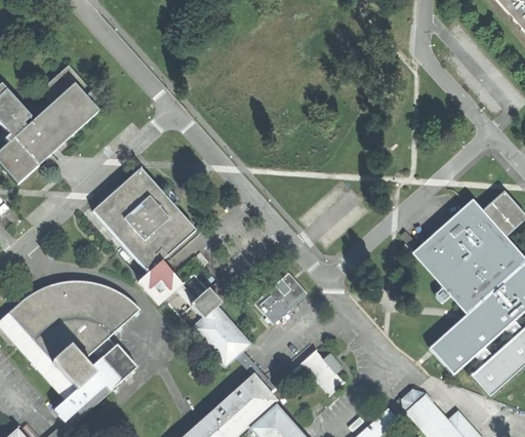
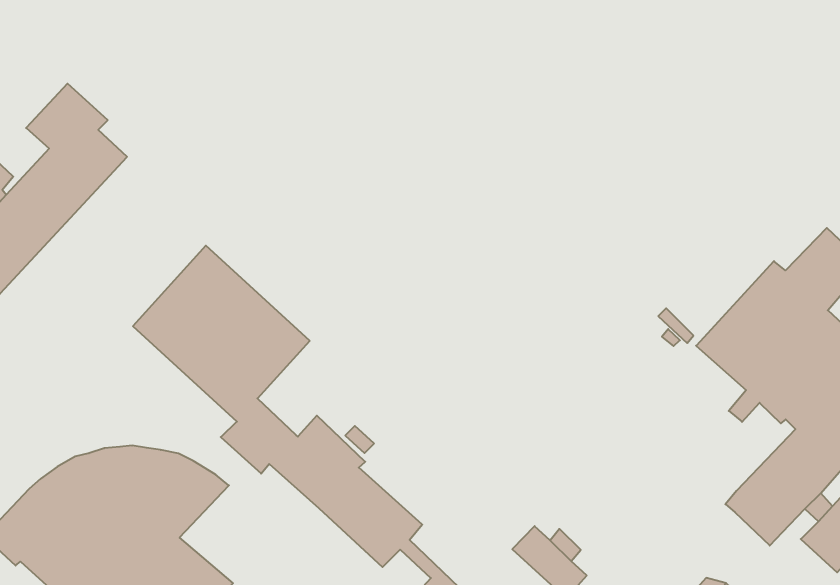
building: [253,272,308,323] -> none

